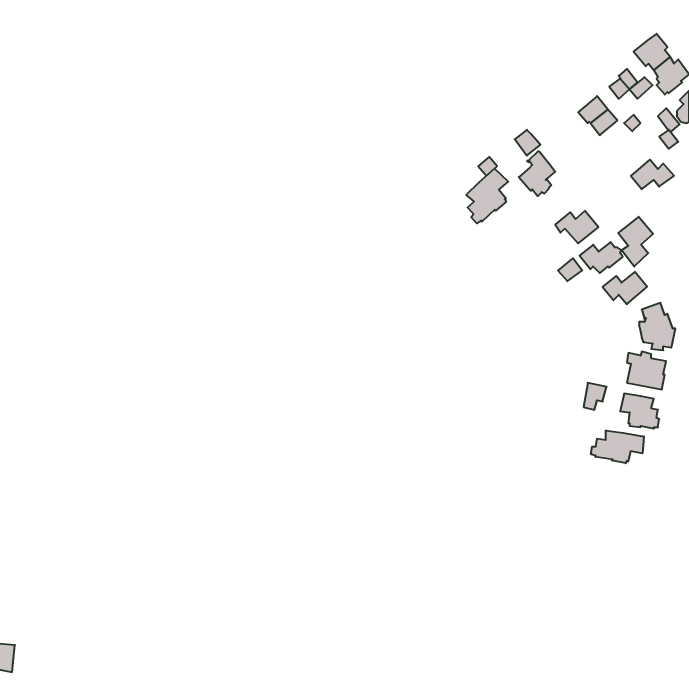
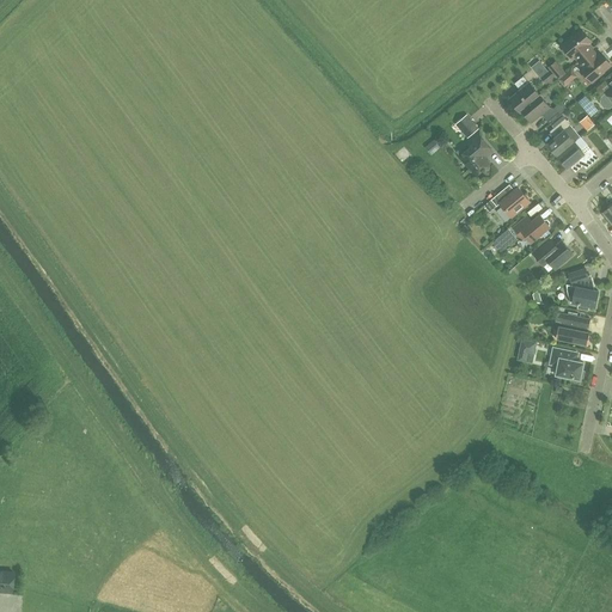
building: none -> [547,118,580,155]
building: [466,169,508,223] -> none
building: [618,217,653,267] -> none
building: [591,430,644,463] -> none

